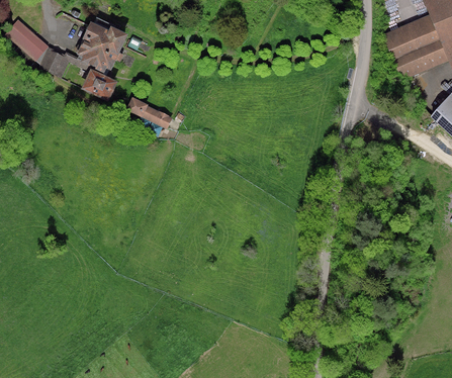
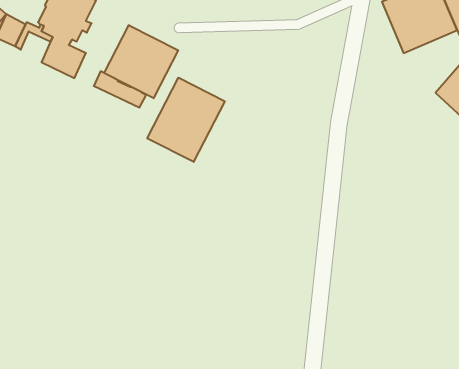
building: none -> [104,25,178,98]
building: none -> [147,78,225,162]

